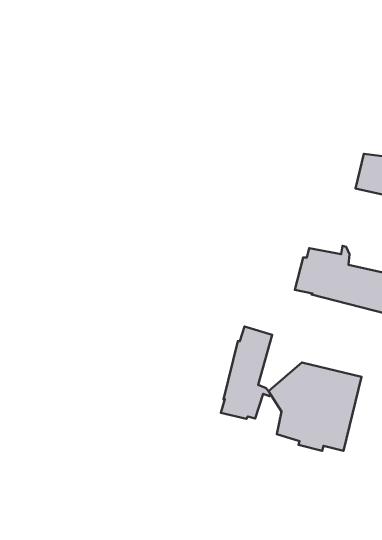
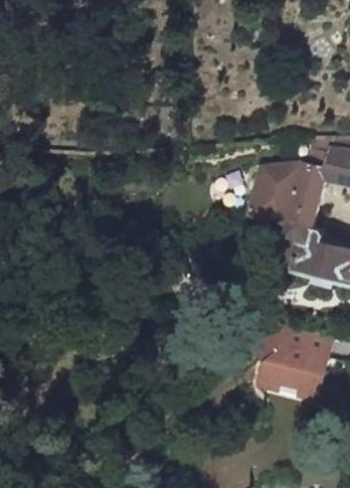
building: none -> [249,149,334,237]
building: [221,327,272,419] -> none

